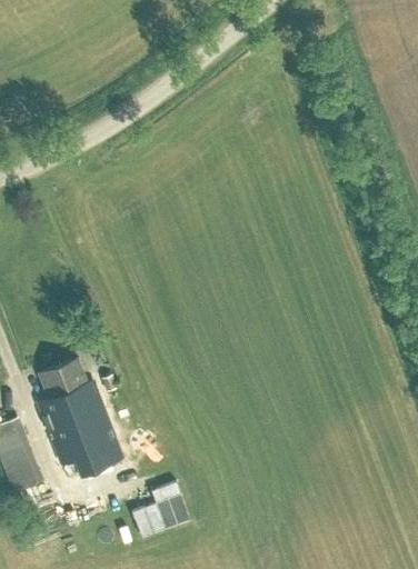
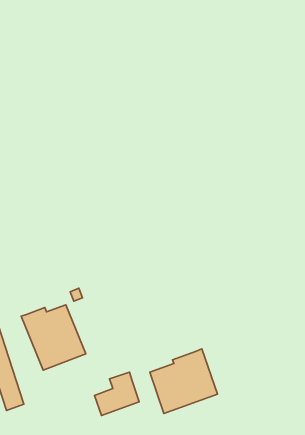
building: [41,357,100,408] -> none
building: none -> [150,349,218,413]

